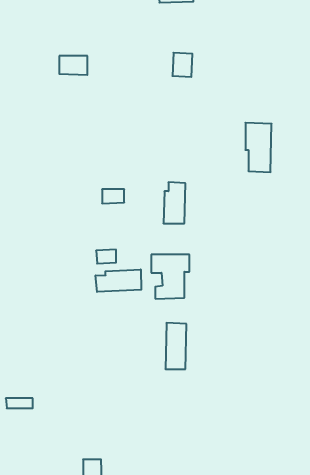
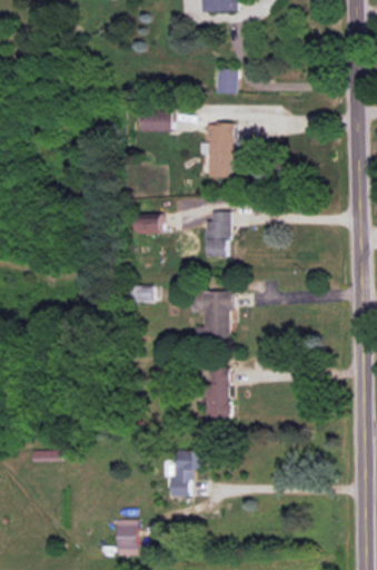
building: [59,56,87,75] -> [140,110,171,131]
building: [245,123,272,172] -> [205,122,234,177]
building: [96,269,141,292] -> none
building: none -> [162,450,205,497]

